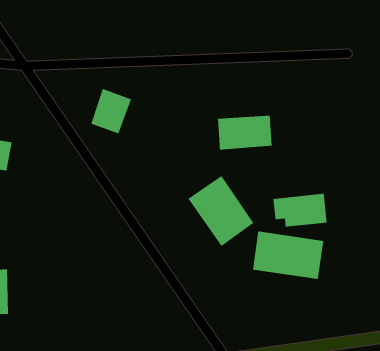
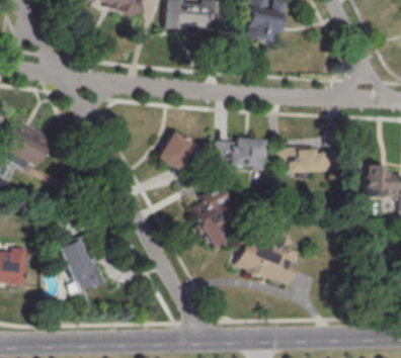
building: [90,88,132,134] -> [158,131,195,172]
building: [272,193,327,227] -> [279,148,324,173]
building: none -> [63,241,102,293]

